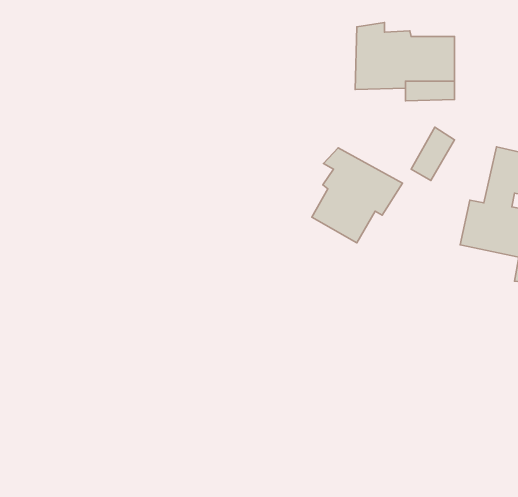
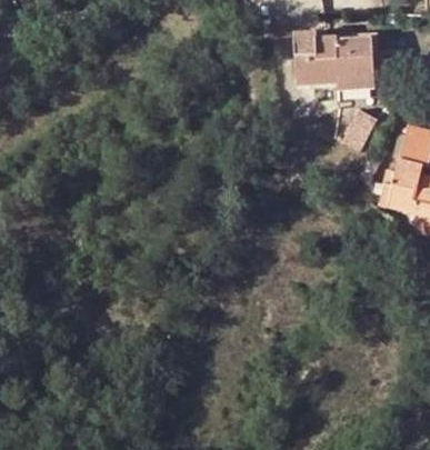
building: [312,148,402,243] -> none

